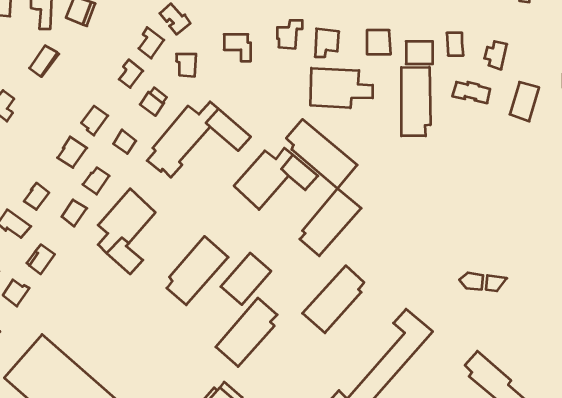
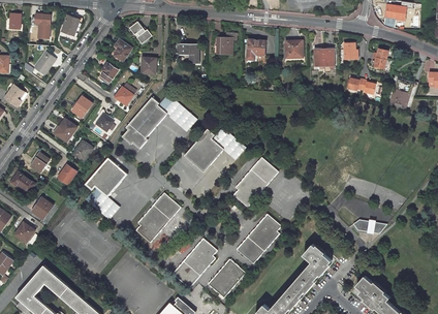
building: [401,67,430,136] -> none
building: [311,68,373,108] -> none
building: [286,119,357,189] -> none
building: [221,253,271,305] -> [208,259,245,297]

